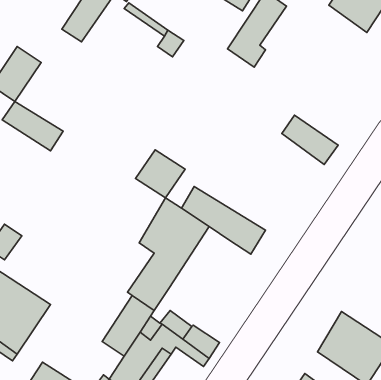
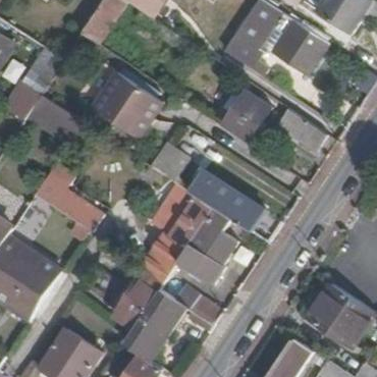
building: none -> [274,20,328,73]
building: none -> [89,69,163,141]
building: none -> [225,92,273,143]
building: none -> [34,162,102,230]
building: none -> [175,207,232,284]

